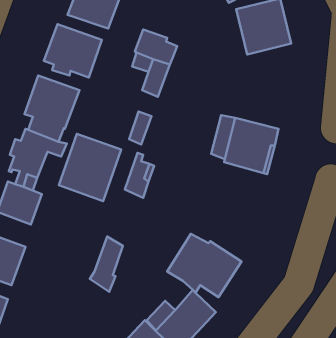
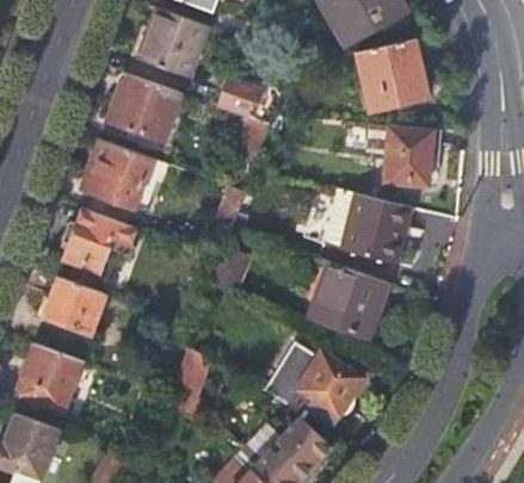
building: none -> [384,126,443,188]
building: [59,134,121,201] -> none
building: none -> [313,264,388,340]

